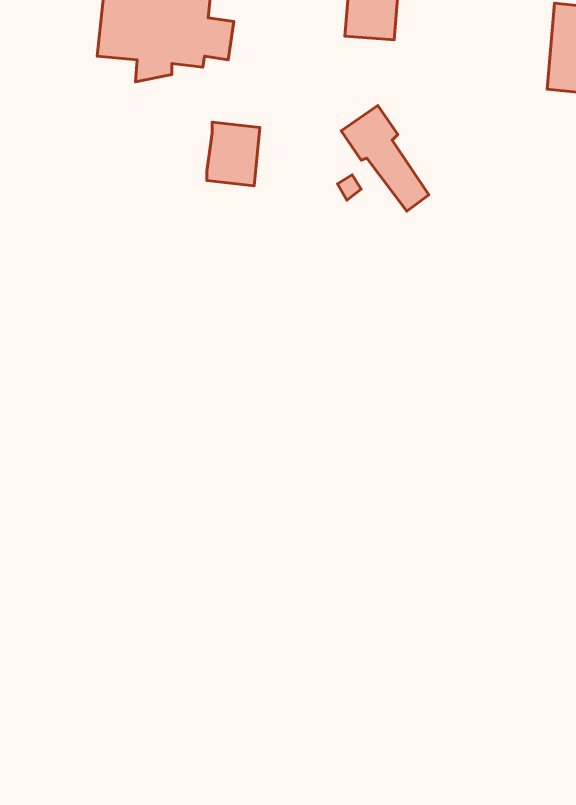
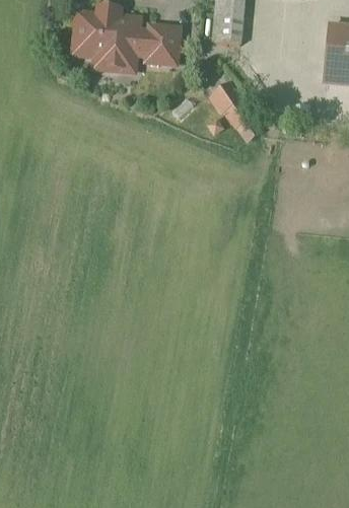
building: [207,122,260,186] -> [147,27,177,63]

